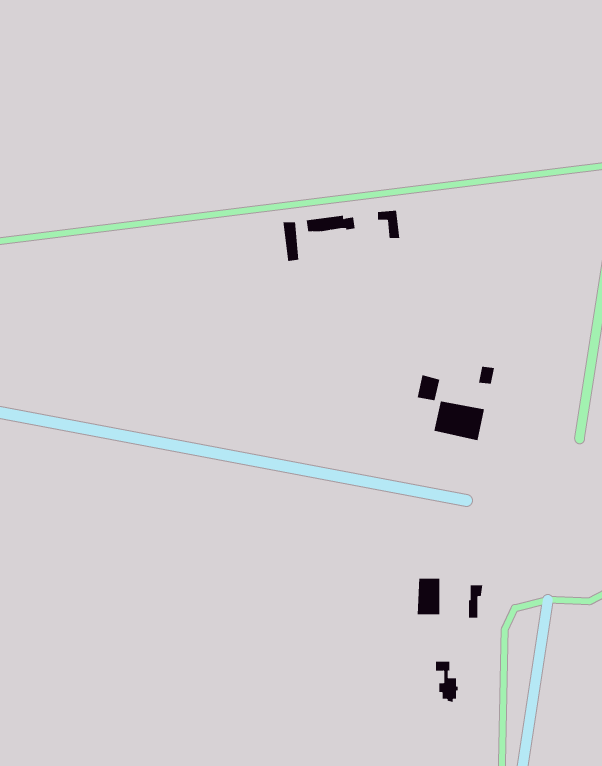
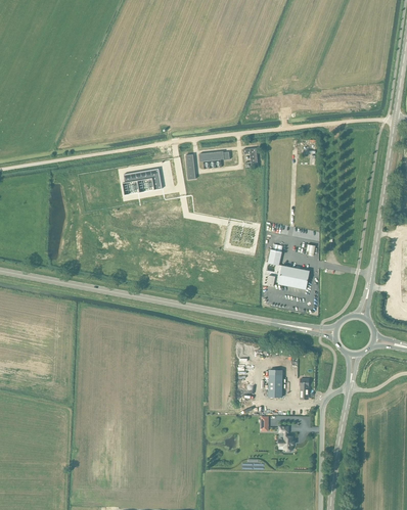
building: none -> [124,168,162,189]

